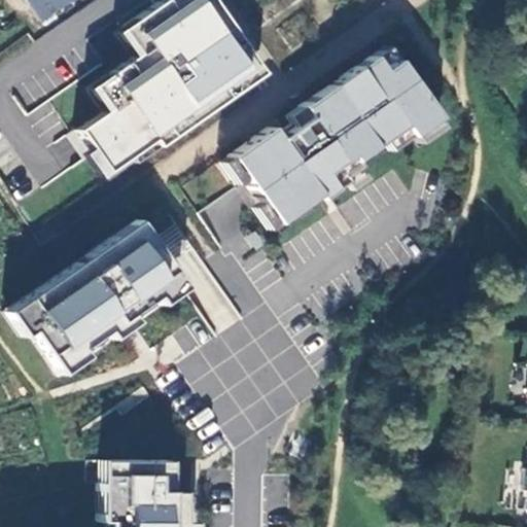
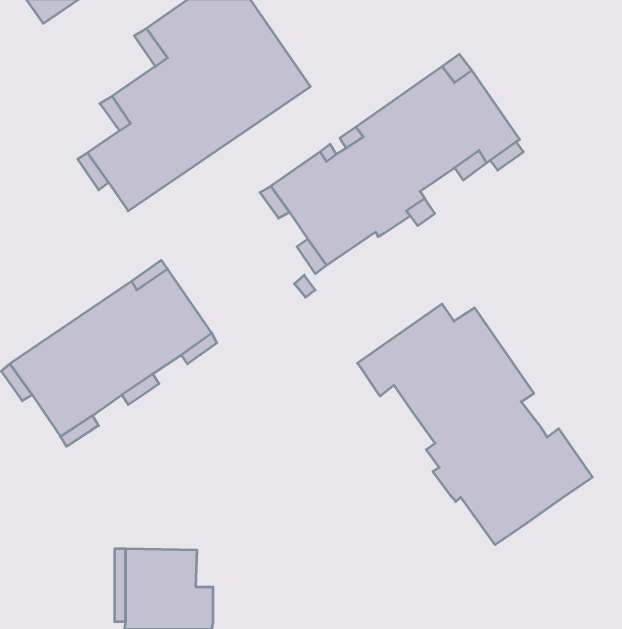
building: none -> [357,304,592,545]

